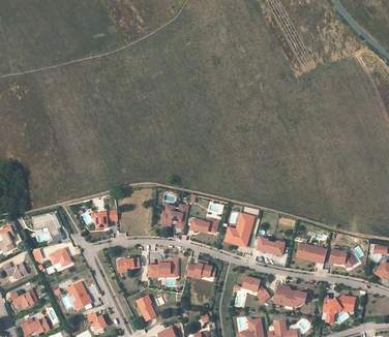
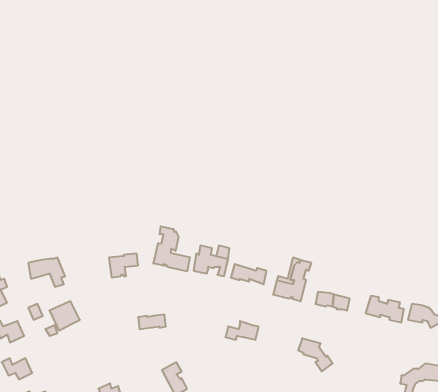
building: none -> [153,226,190,271]
building: [147,259,176,277] -> none
building: [64,280,91,310] -> none
building: [273,285,306,306] -> none

